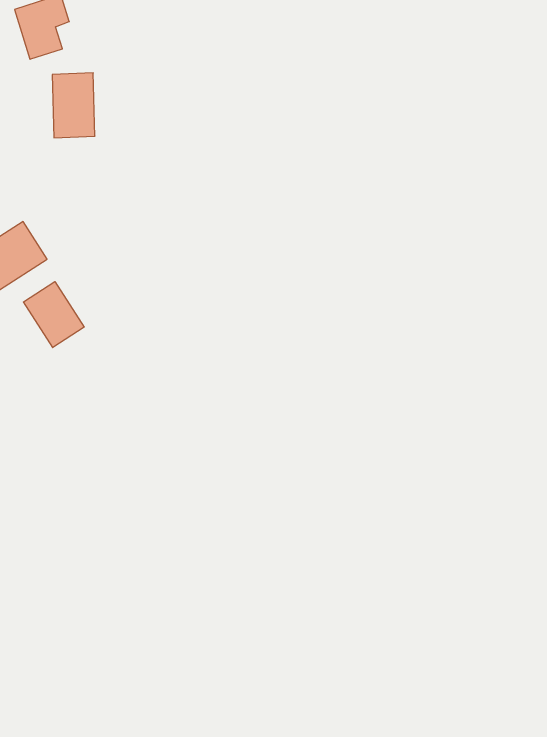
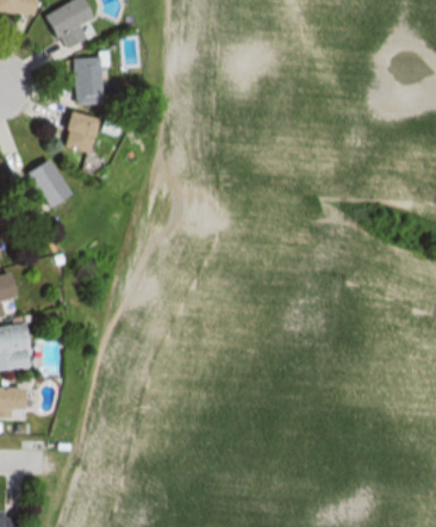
building: none -> [70,114,98,150]
building: [23,282,84,348] -> none

